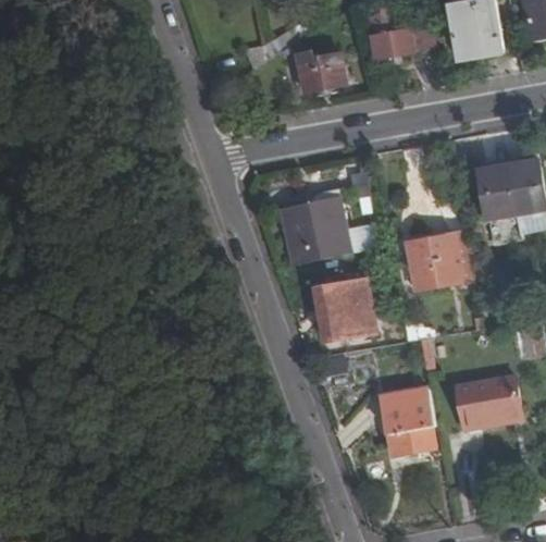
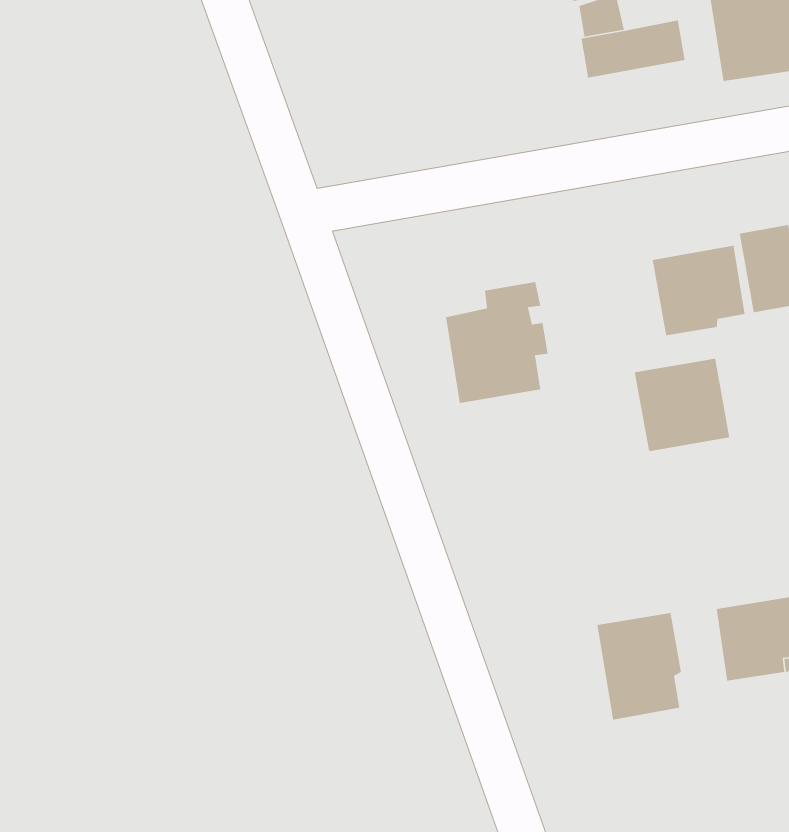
building: [301,59,348,93] -> none
building: none -> [652,245,746,336]
building: [315,276,377,341] -> none

